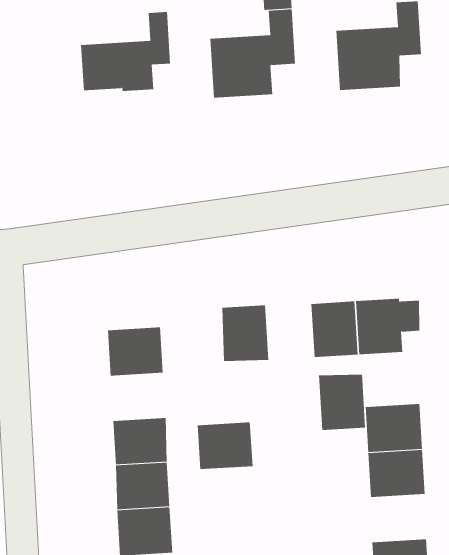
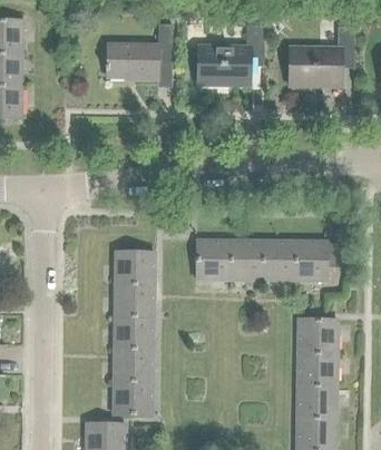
building: [318,374,366,431] -> [229,239,262,280]
building: [197,422,253,470] -> [114,284,153,316]
building: none -> [295,383,336,415]

